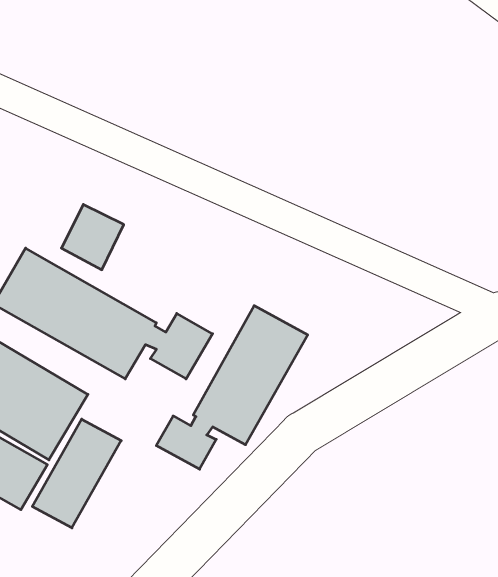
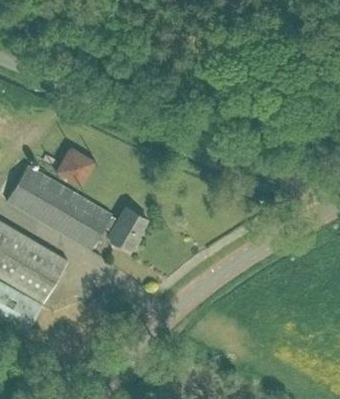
building: [156,306,308,469] -> none
building: [32,419,121,528] -> none

